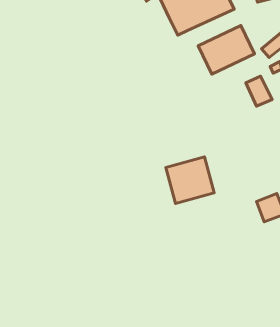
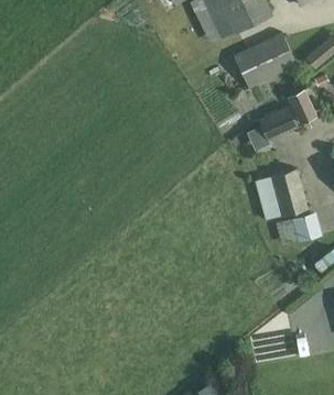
building: none -> [258,107,298,142]
building: [166,157,214,203] -> [254,168,309,221]

